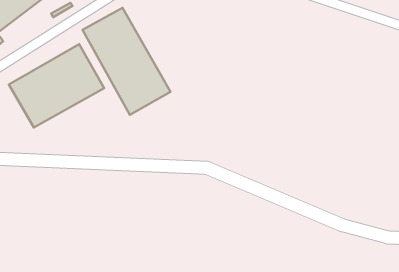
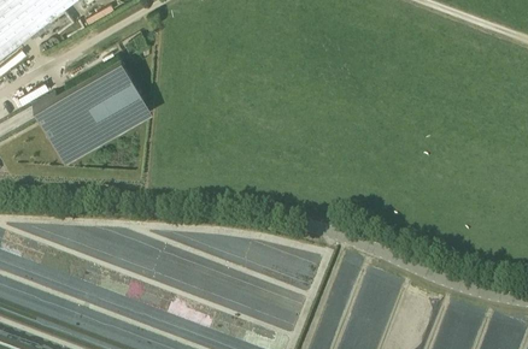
building: [82,8,171,115] -> none

